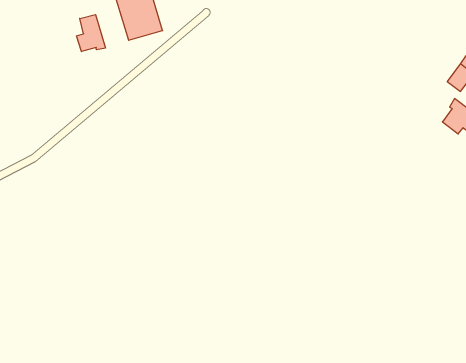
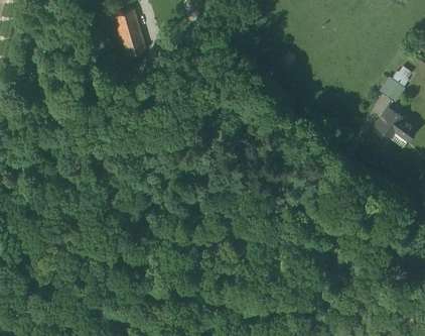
building: [77,15,105,52] -> none

